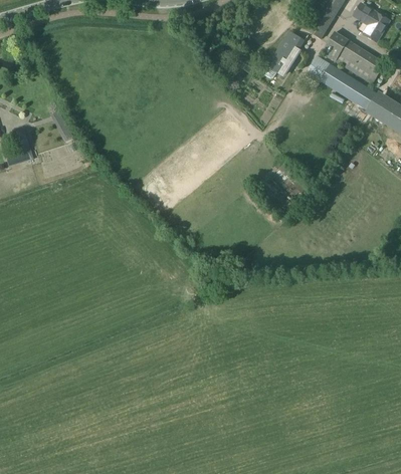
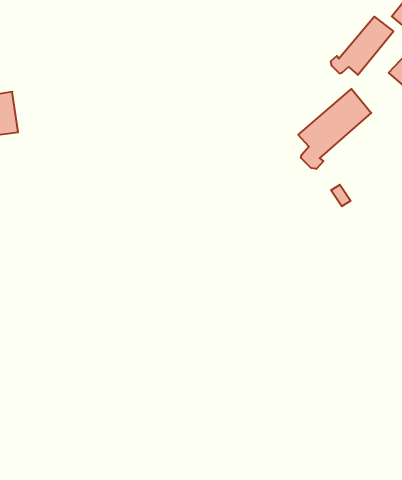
building: none -> [298,89,371,169]

